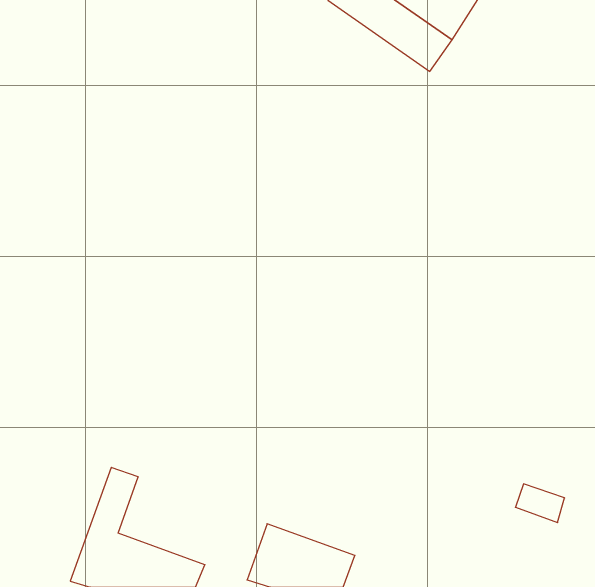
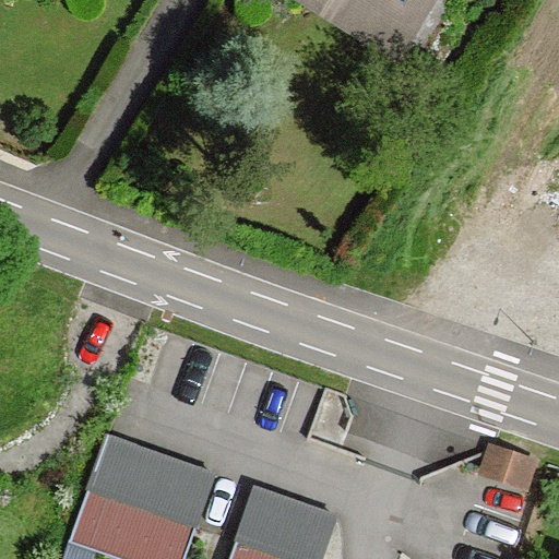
building: none -> [114,444,213,526]

